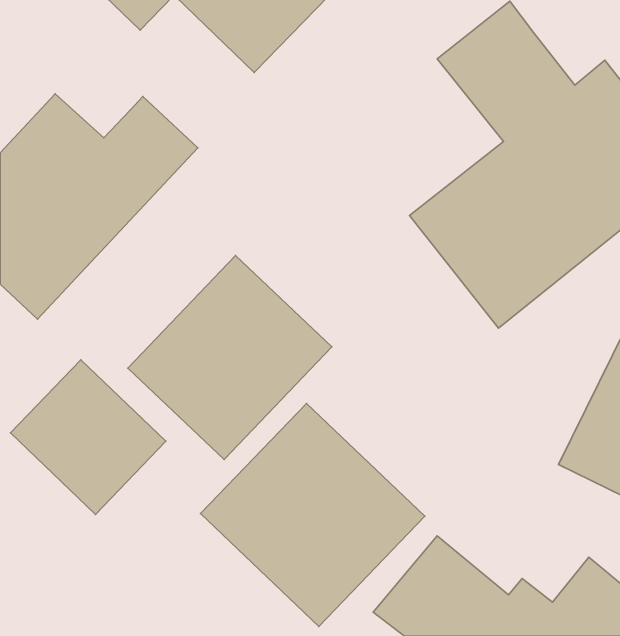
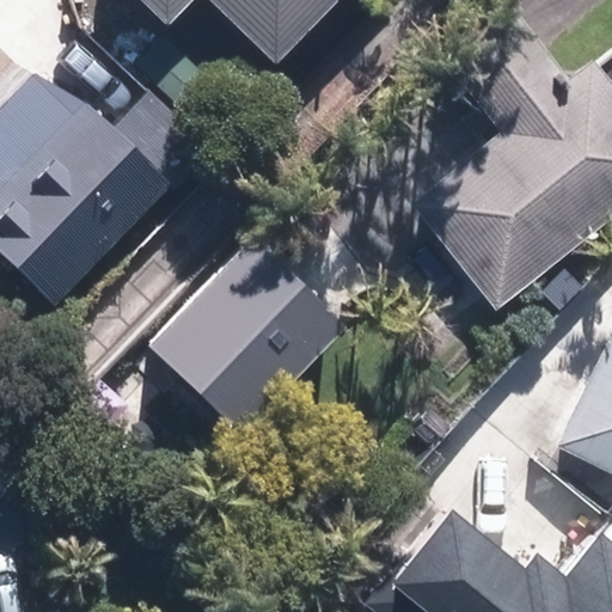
building: [10,360,166,514] -> none
building: [201,404,425,626] -> none

